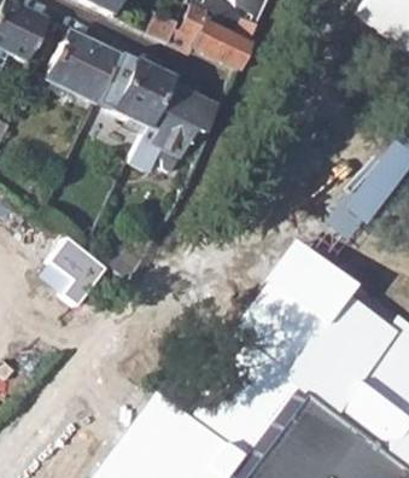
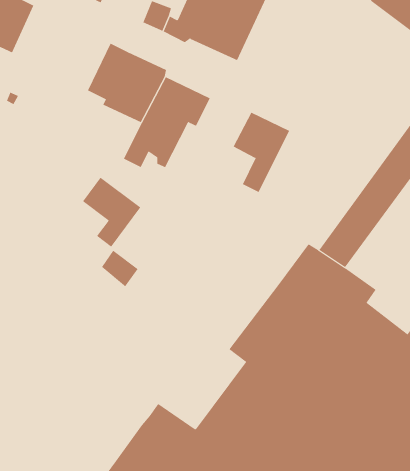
building: [45,29,117,100] -> none
building: none -> [233,112,290,193]
building: [49,239,105,305] -> [82,177,141,247]

